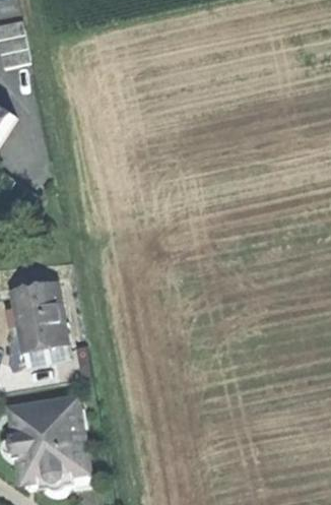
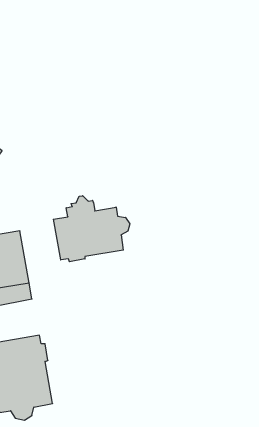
building: none -> [53,196,130,262]

